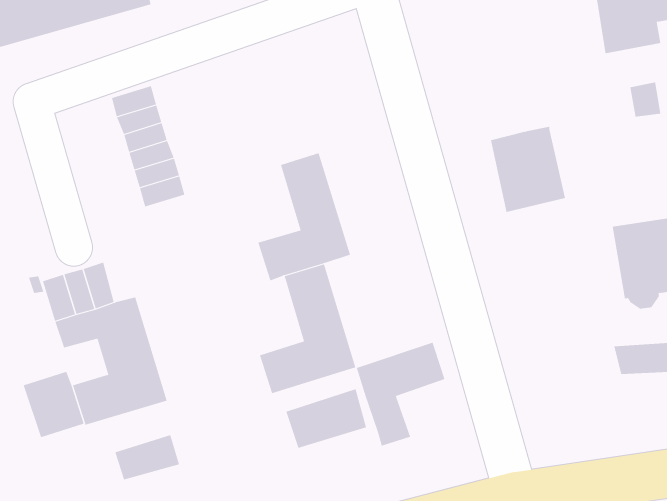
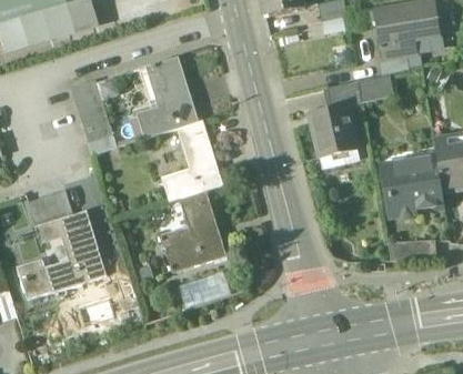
building: none -> [137,55,199,138]
building: none -> [329,73,394,107]
building: [356,342,445,447] -> none

